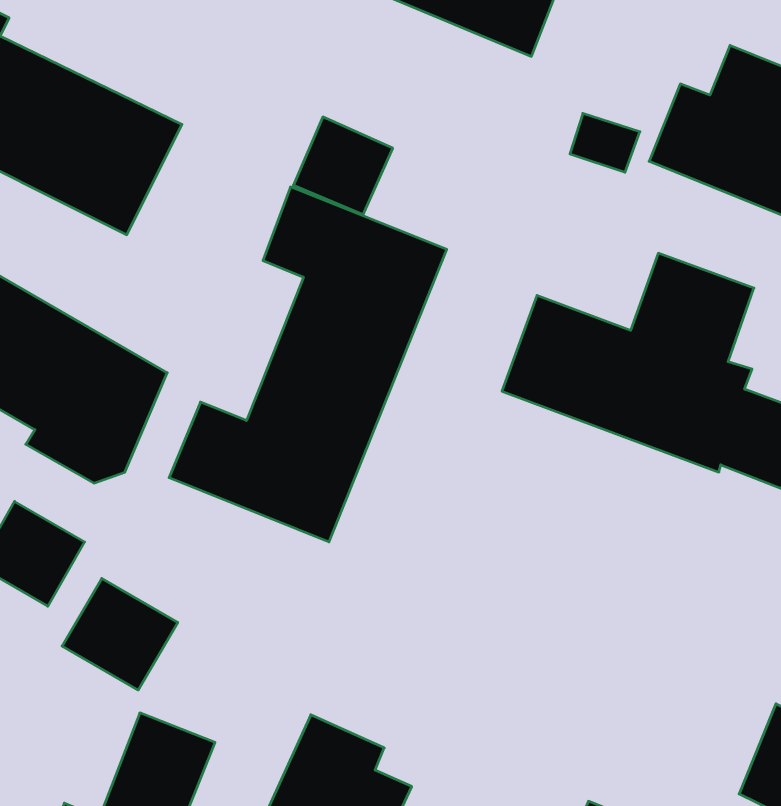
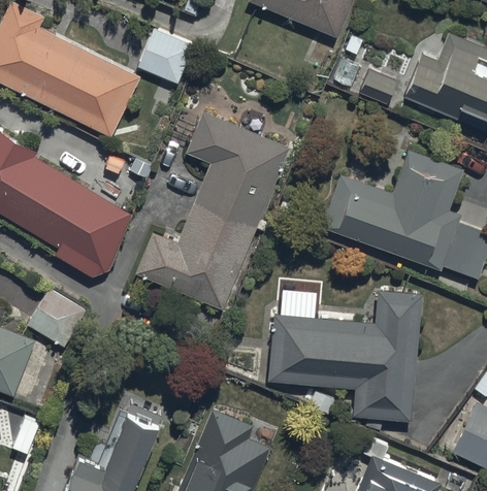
building: [293,117,393,214] -> [138,29,194,84]
building: none -> [268,292,421,422]
building: [62,578,178,690] -> none

